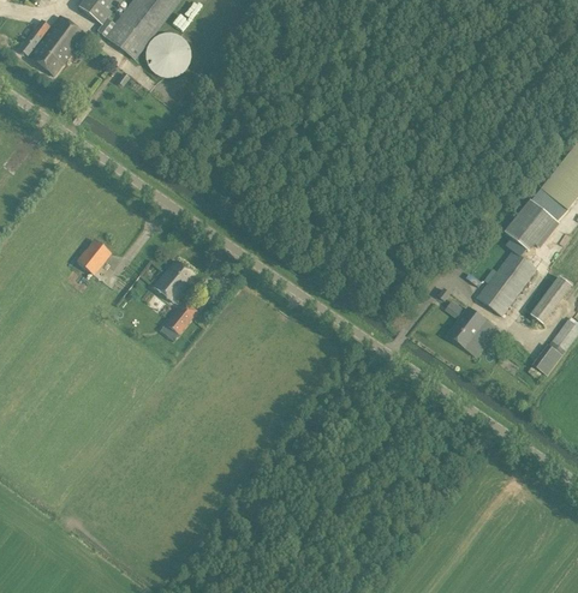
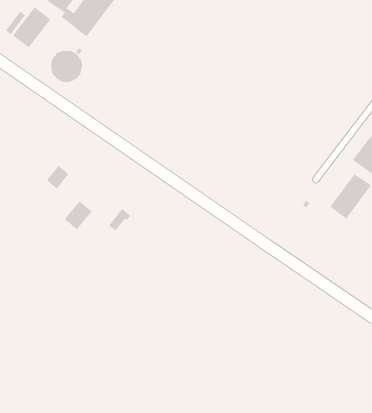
building: [144,32,190,78] -> [50,50,83,83]
building: [153,259,193,301] -> [64,200,93,230]
building: [446,307,496,357] -> none

